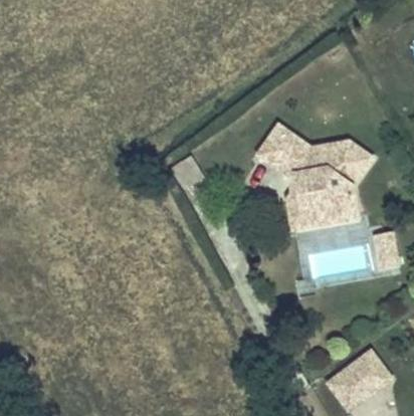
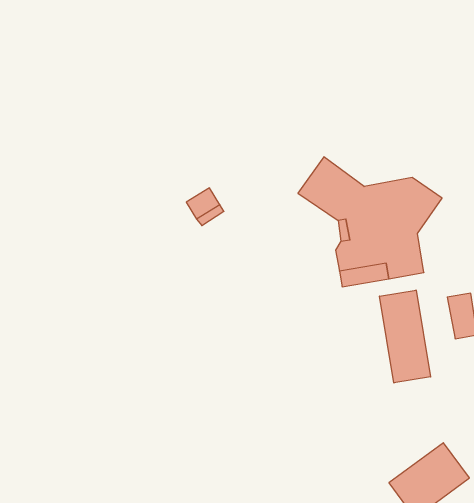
building: none -> [380,290,431,383]

